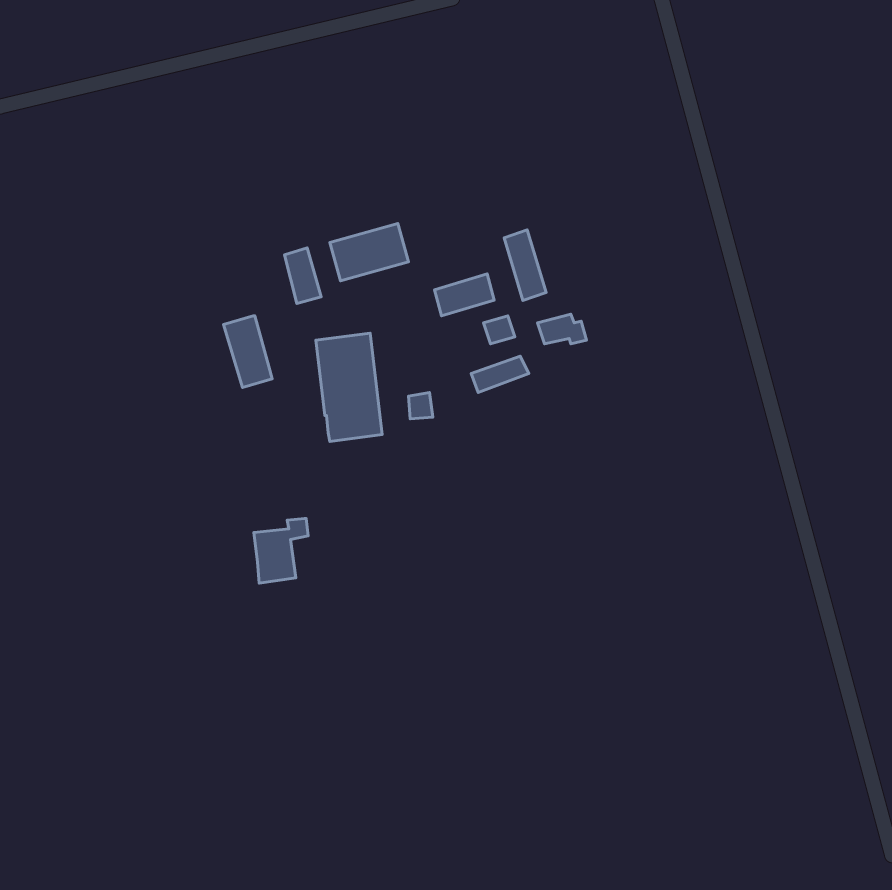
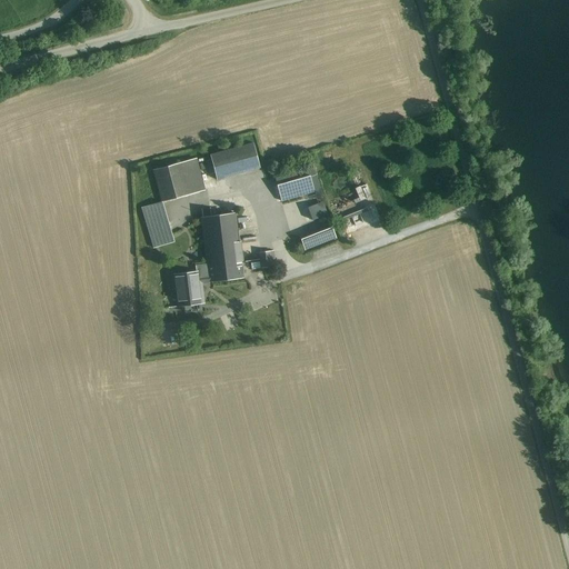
building: [504,230,546,300] -> none
building: none -> [153,162,189,201]
building: [254,519,308,583] -> [174,264,209,306]

